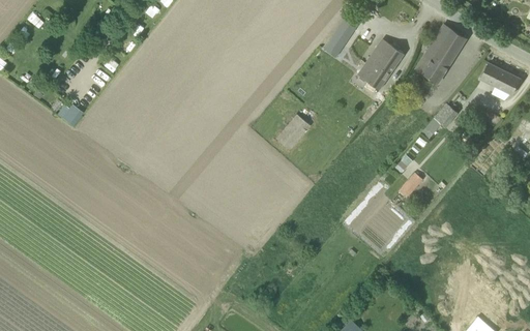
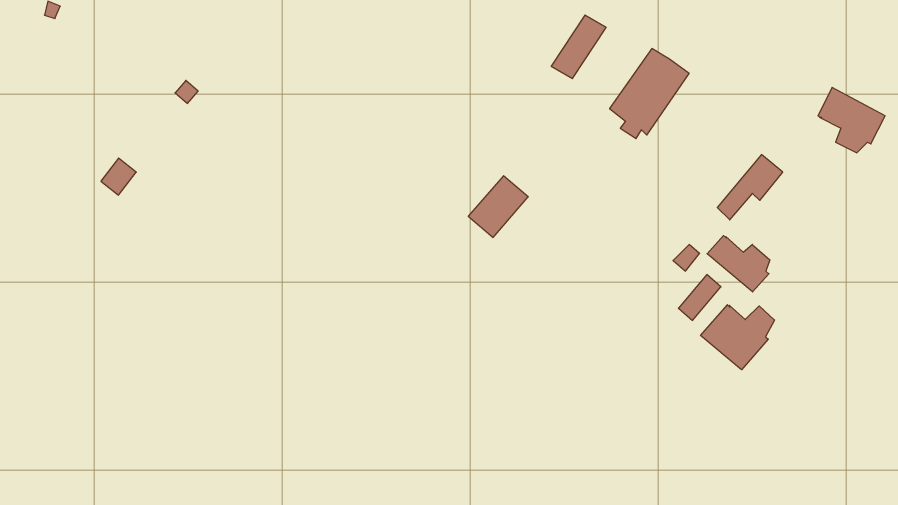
building: [421,25,466,84] -> none
building: none -> [707,236,770,292]
building: none -> [701,305,775,370]

